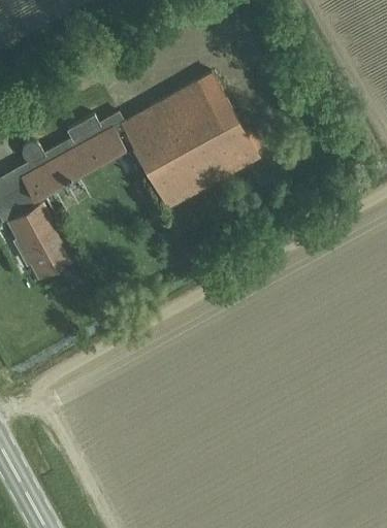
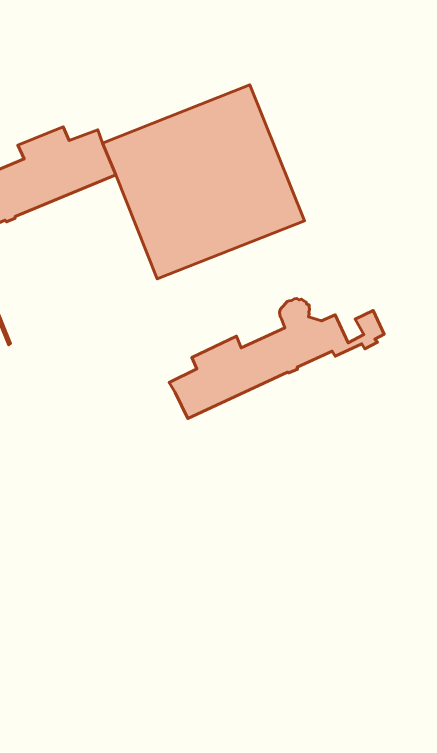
building: none -> [169,298,384,419]

